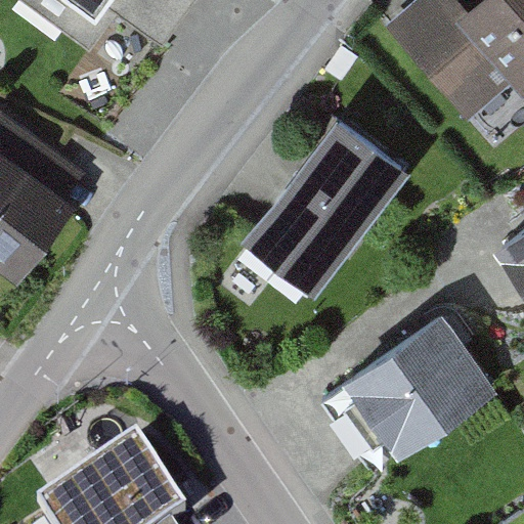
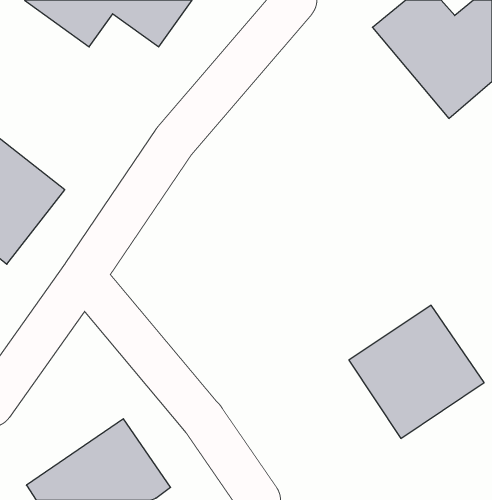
building: [234,111,397,285] -> none

